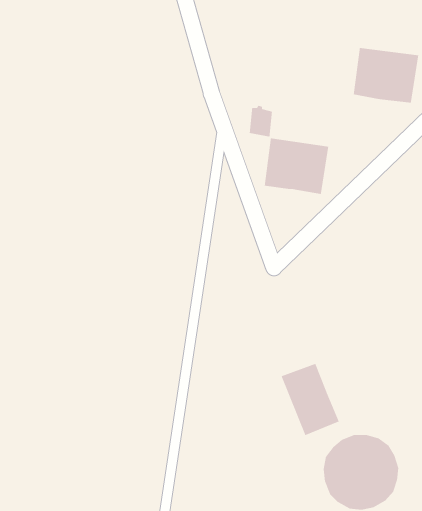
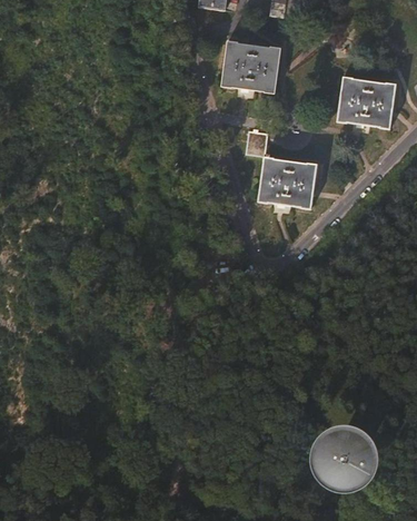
building: none -> [220,42,279,94]
building: [281,363,340,436] -> none

